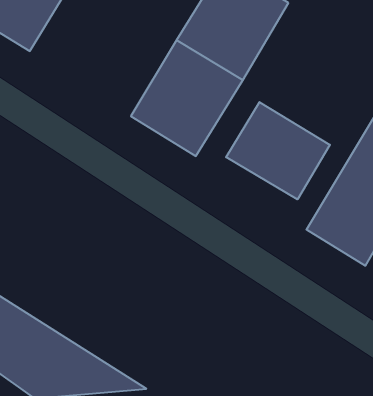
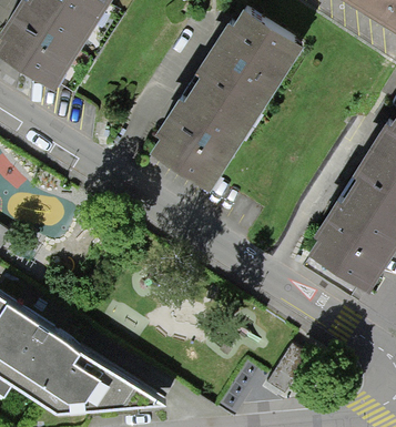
building: [226,102,330,199] -> none

